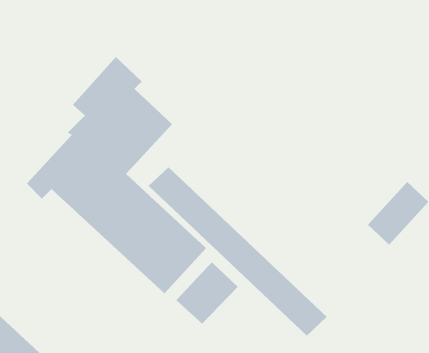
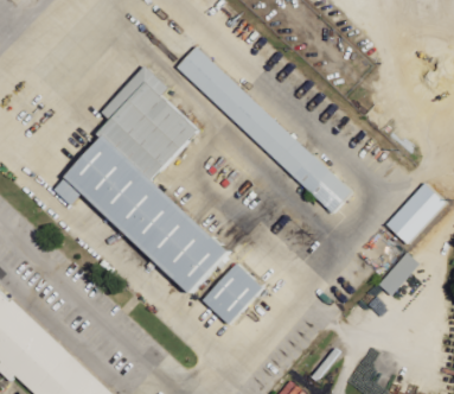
building: [148,166,327,336] -> [175,45,351,211]
building: none -> [377,252,416,294]

